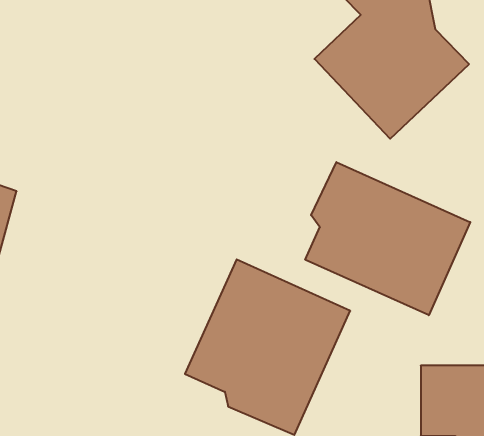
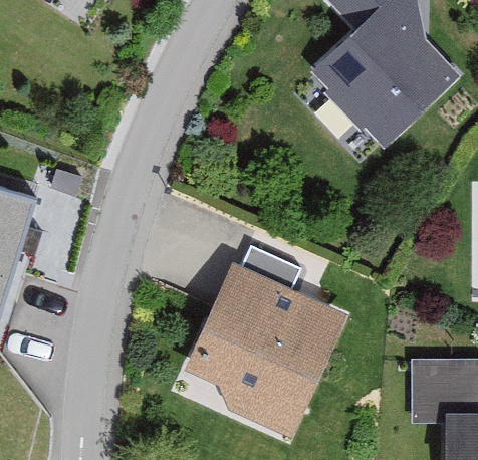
building: [305,162,470,315] -> none

